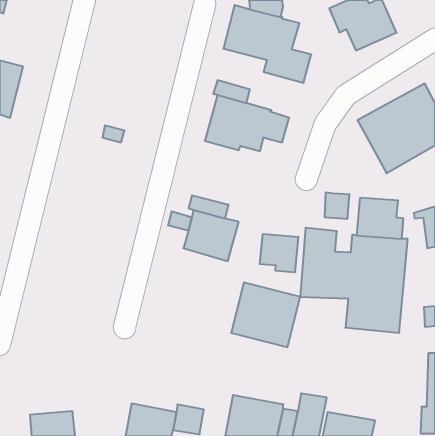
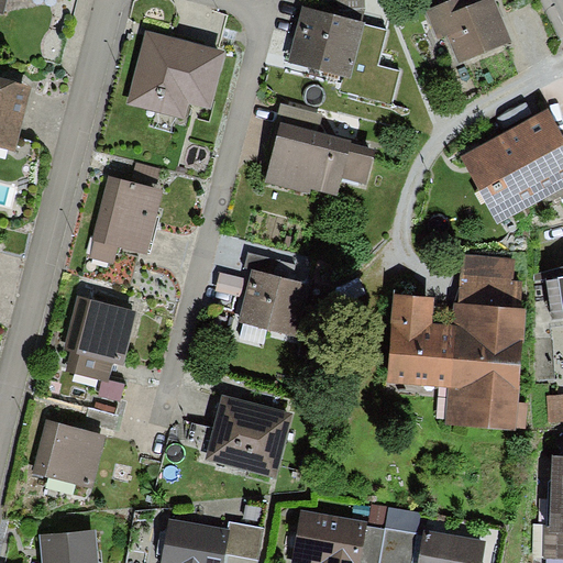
building: none -> [124,29,225,121]
building: none -> [89,175,164,264]
building: [325,192,349,219] -> none
building: none -> [64,297,136,380]
building: [260,234,298,272] -> none
building: [231,282,300,347] -> [205,396,294,479]
building: none -> [32,421,104,488]

